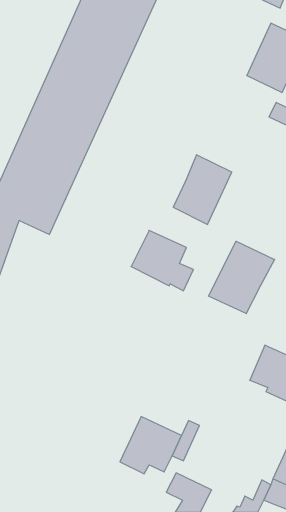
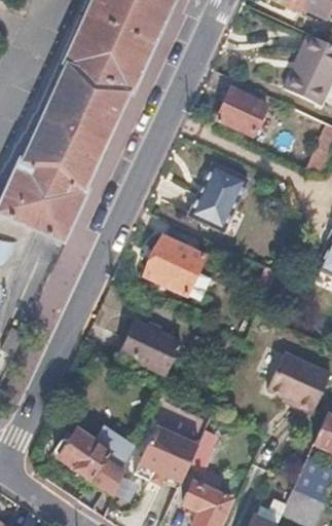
building: none -> [218,87,268,135]
building: [209,241,275,314] -> none
building: none -> [119,320,182,374]
building: none -> [56,423,138,495]

